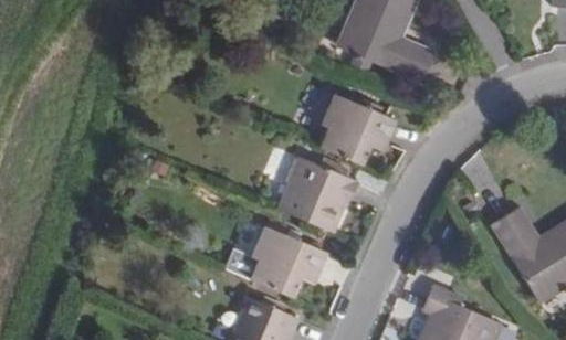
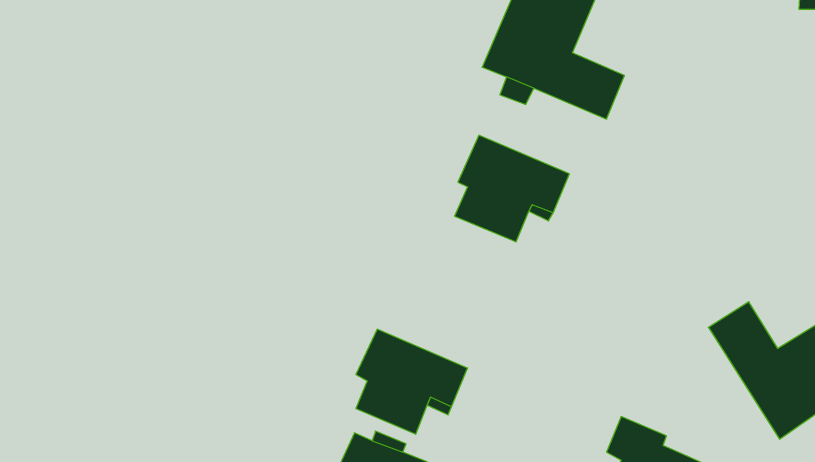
building: [277,158,356,234] -> none

